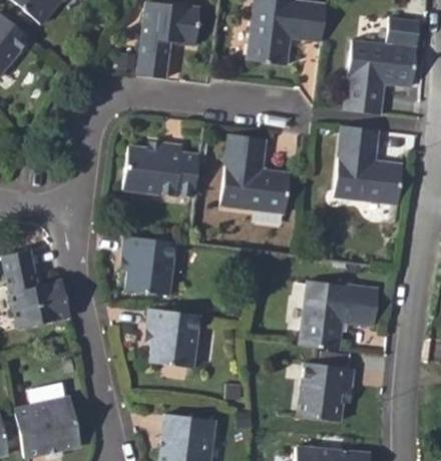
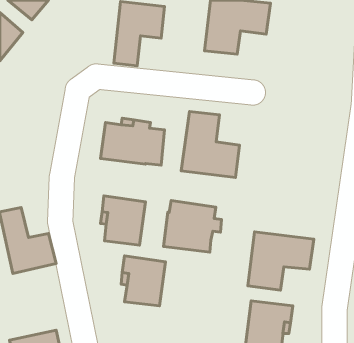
building: [343,16,419,115] -> none
building: [334,125,403,203] -> none
building: none -> [164,200,222,252]

